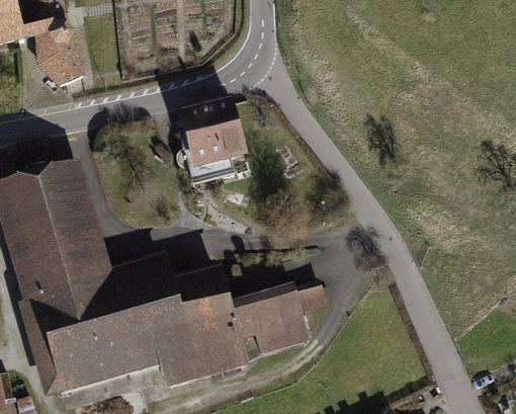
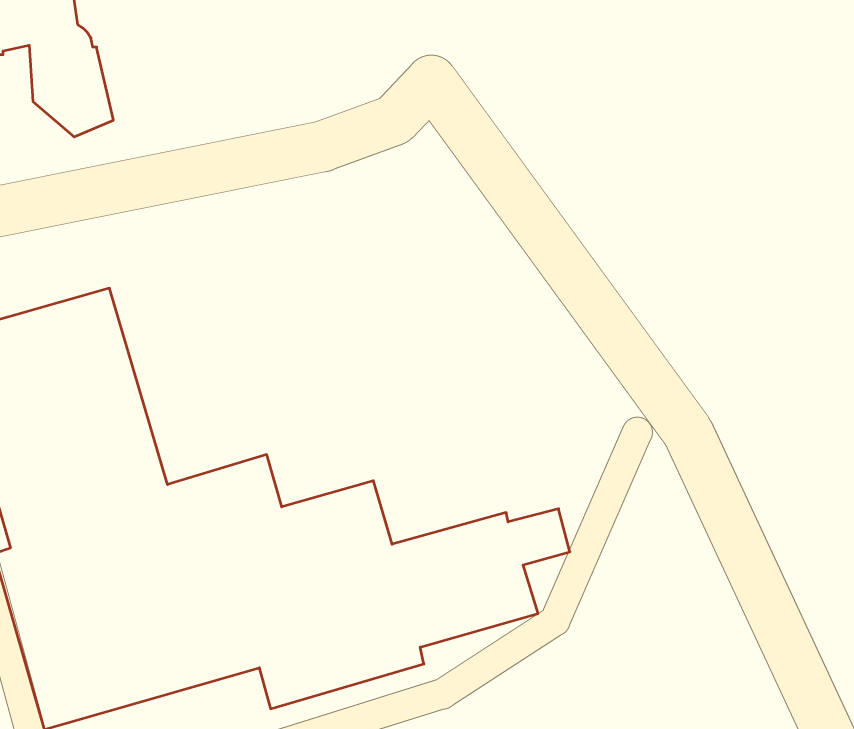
building: [177,96,249,180] -> none

